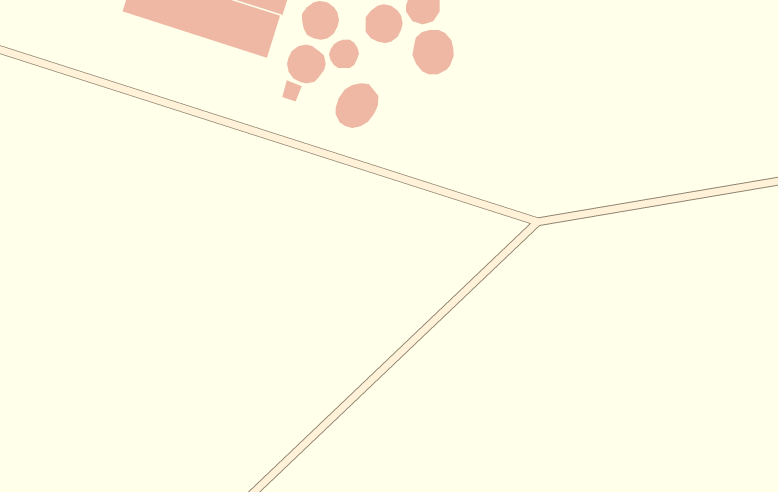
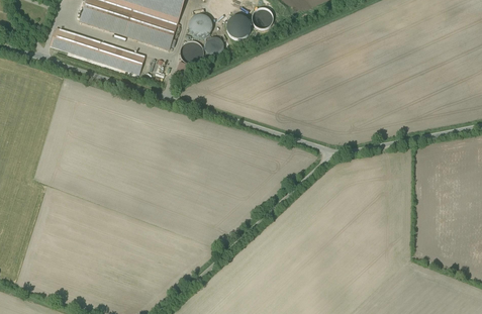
building: none -> [50,26,146,75]
building: [411,29,455,75] -> none
building: [335,82,379,129] -> none

